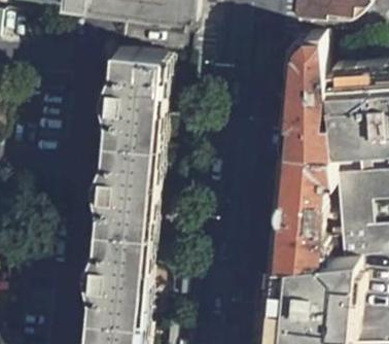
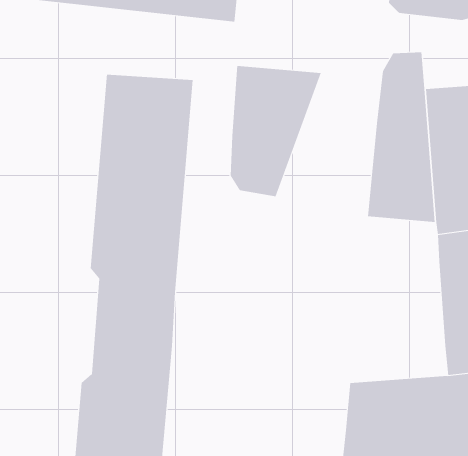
building: none -> [230,65,321,197]
building: [271,153,339,269] -> none

